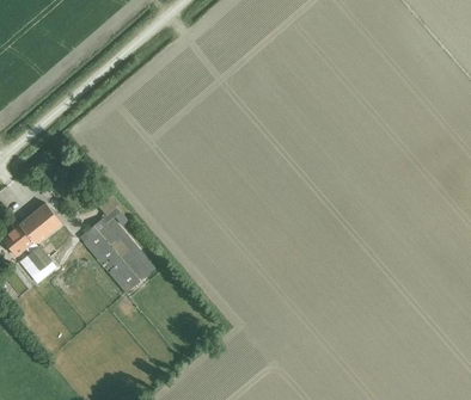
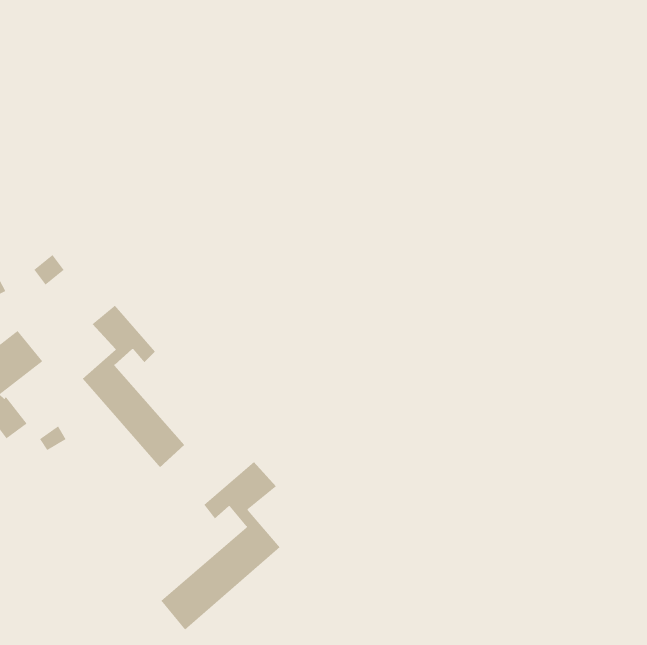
building: none -> [160,461,281,631]

